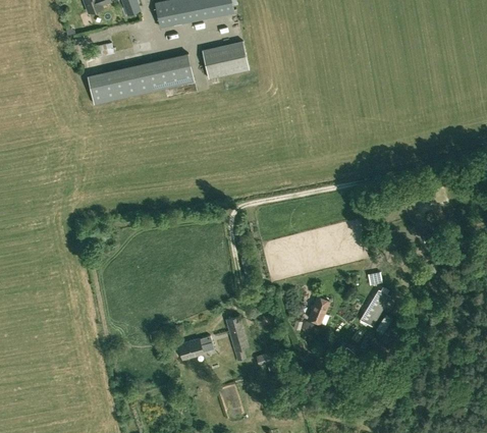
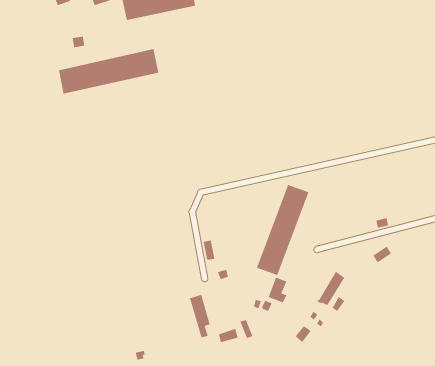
building: [202,44,249,77] -> none
building: none -> [256,184,309,276]
building: [179,335,213,358] -> none

